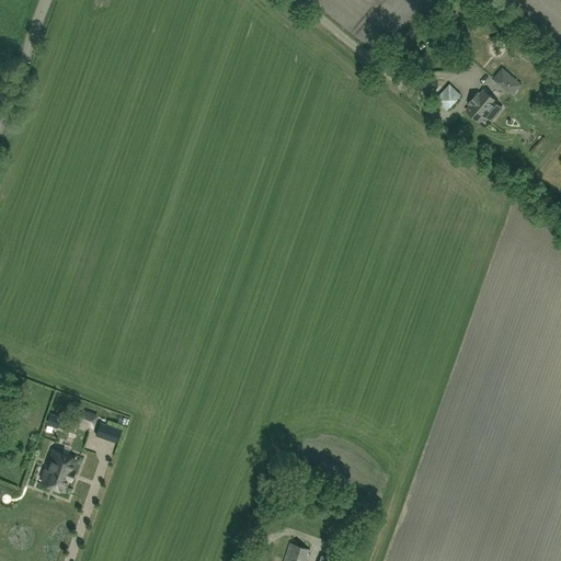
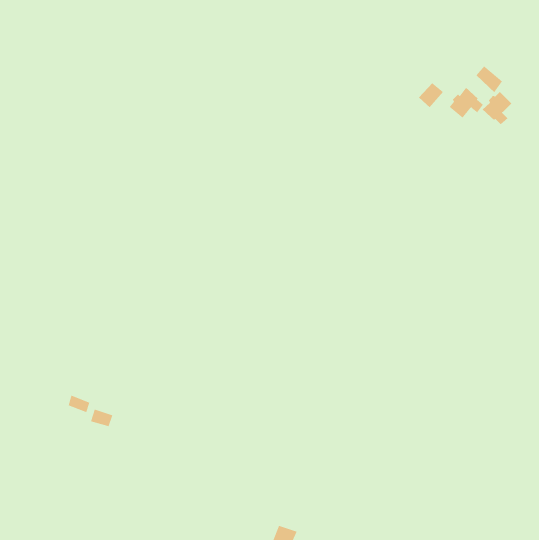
building: none -> [482,91,512,125]
building: [41,453,73,492] -> none

